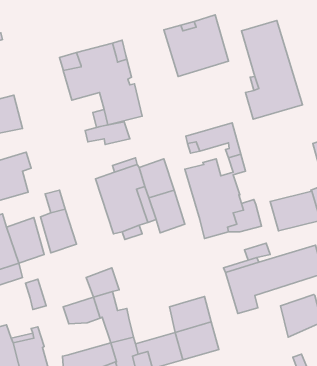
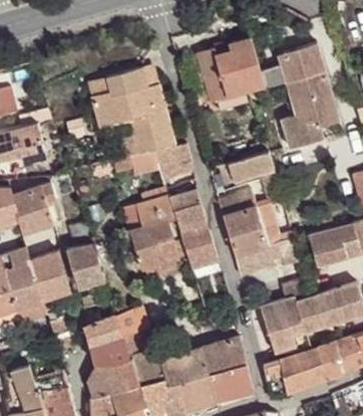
building: none -> [153,144,193,178]
building: none -> [83,315,121,347]
building: none -> [263,346,327,397]
building: none -> [158,347,208,386]
building: none -> [87,358,139,398]

